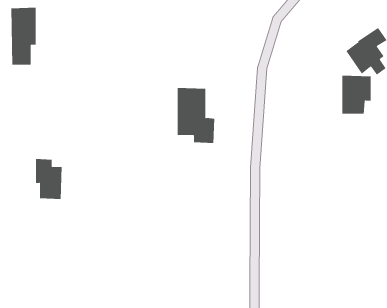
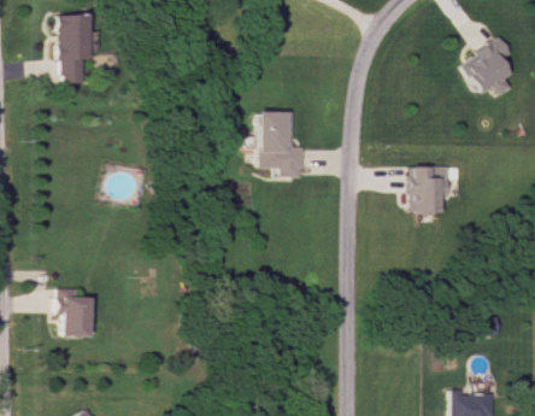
building: [341,75,372,114] -> [413,165,449,212]
building: [35,158,62,199] -> [60,287,93,336]

